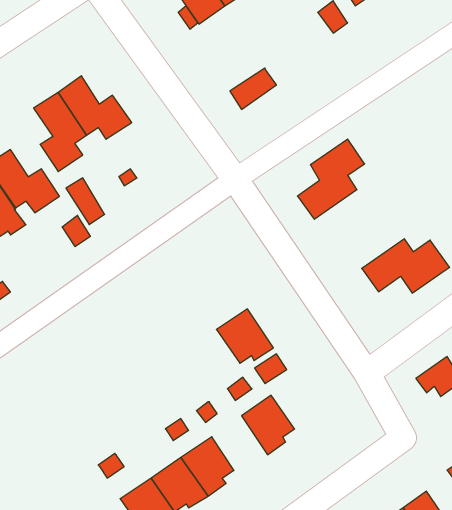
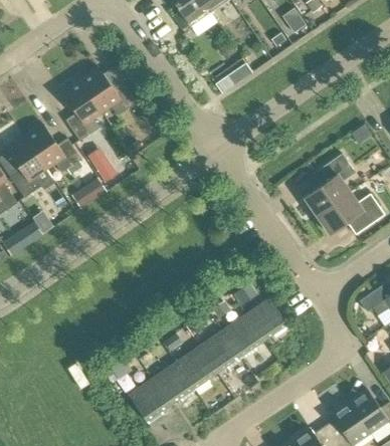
building: [297,139,365,219] -> [304,153,356,215]
building: [216,309,273,363] -> [246,297,290,340]
building: none -> [200,329,243,372]

